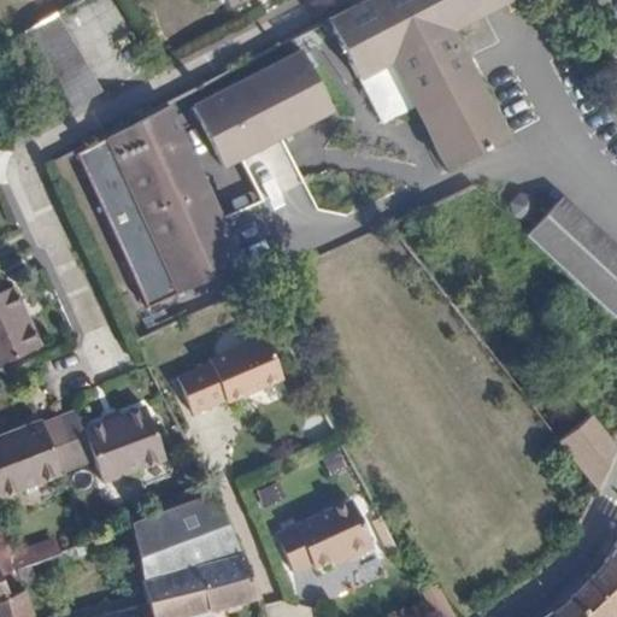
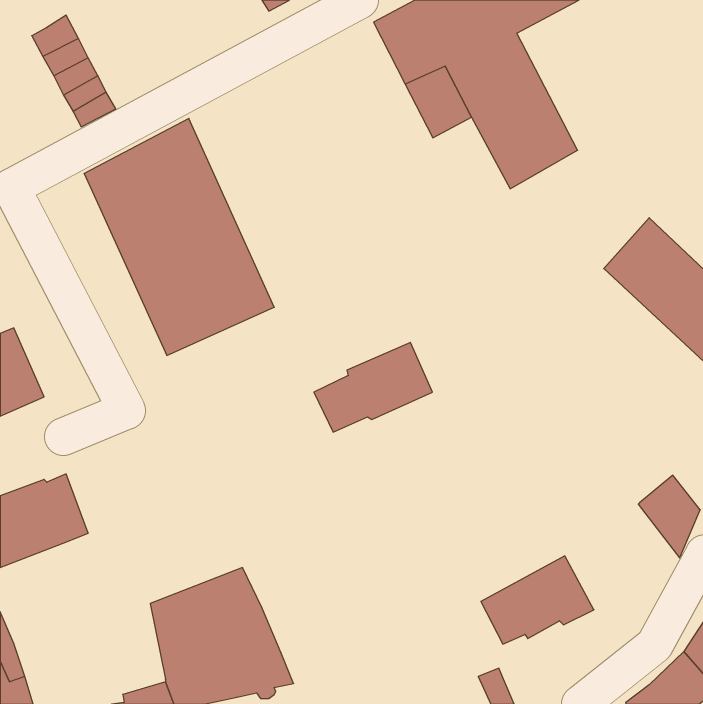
building: [193,51,330,166] -> none
building: [180,336,283,415] -> [314,342,432,432]
building: [59,406,166,483] -> none
building: [282,504,381,581] -> [481,556,594,644]

